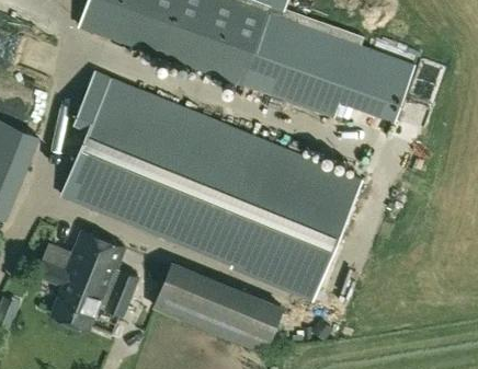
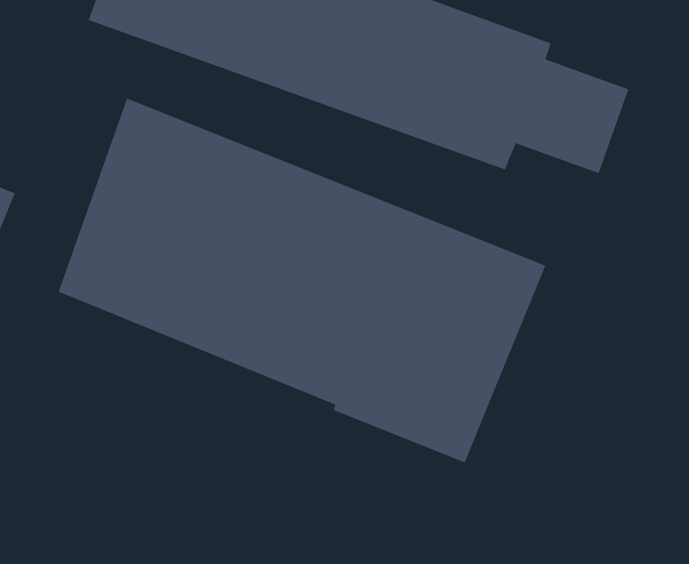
building: [38,231,139,327] -> none
building: [153,266,281,351] -> none

